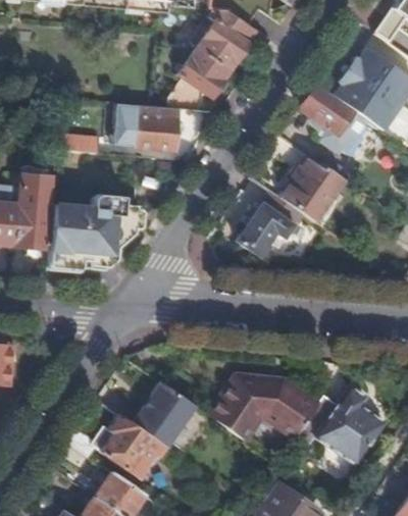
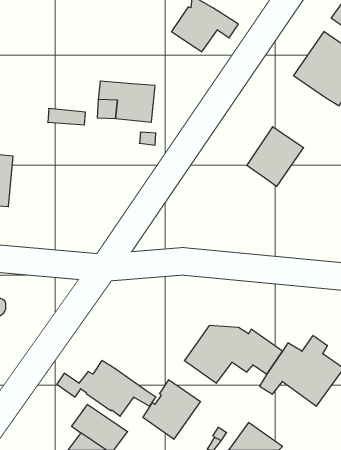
building: [168,49,231,111] -> none
building: [300,86,368,155] -> none
building: [15,172,51,247] -> none
building: [240,193,304,257] -> none
building: [48,194,128,270] -> none
building: [134,382,198,449] -> [143,380,201,439]

